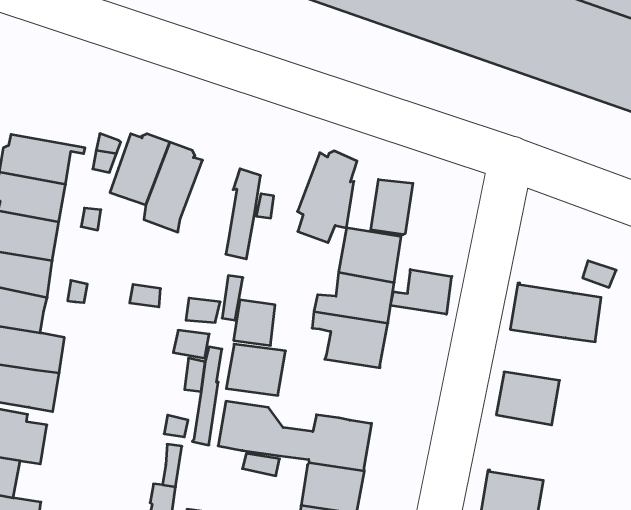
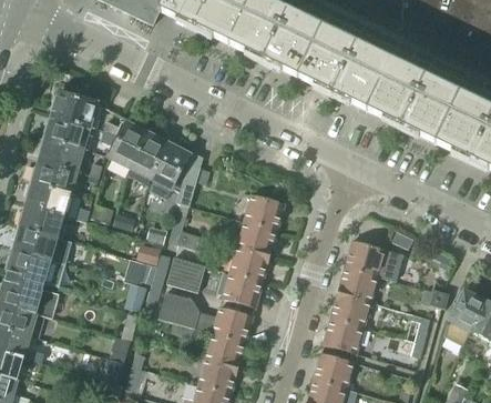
building: none -> [53,85,104,128]
building: [297,151,357,243] -> [150,143,191,199]
building: [371,179,413,235] -> none
building: [391,269,452,314] -> none
building: none -> [338,268,378,302]
building: none -> [223,273,263,308]
building: none -> [324,319,364,354]

